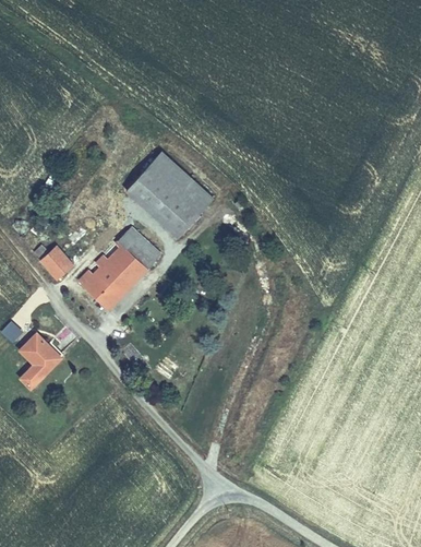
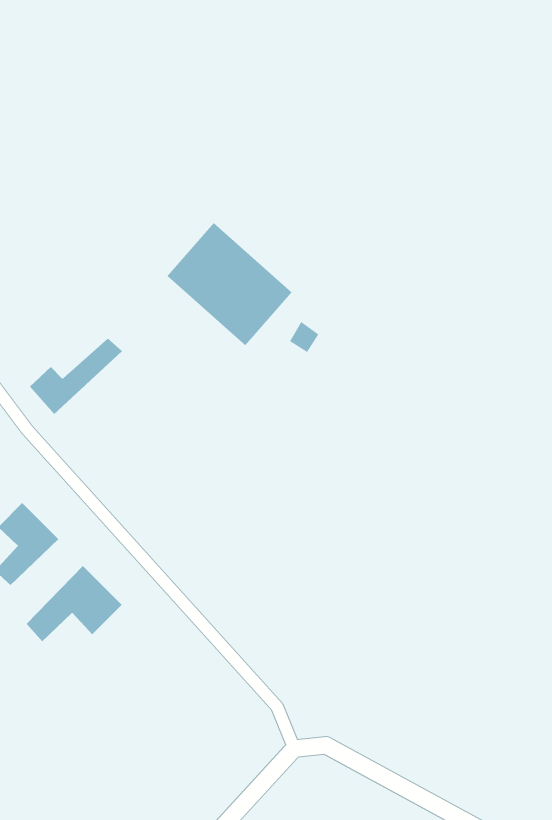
building: [80,228,158,309] -> none
building: none -> [26,565,122,642]

